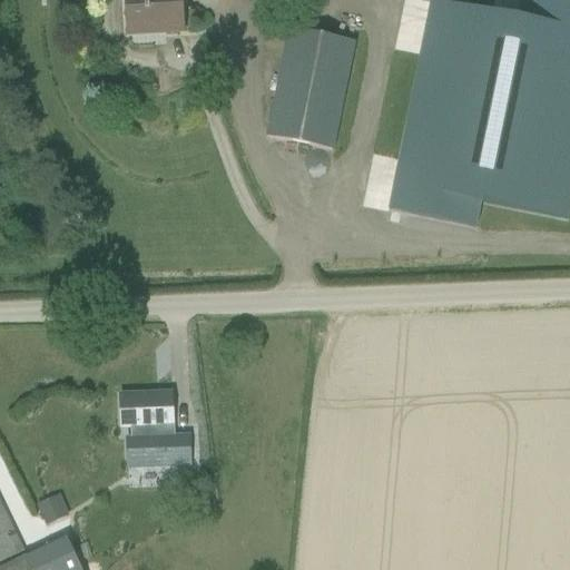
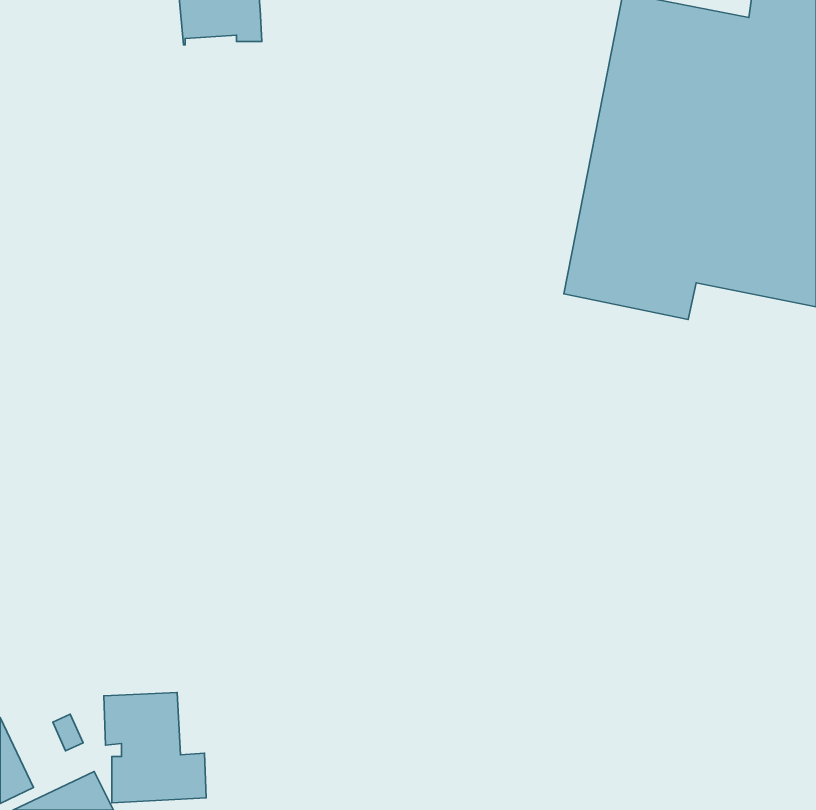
building: [267,28,354,148] -> none
building: [120,392,191,469] -> [104,692,206,803]

